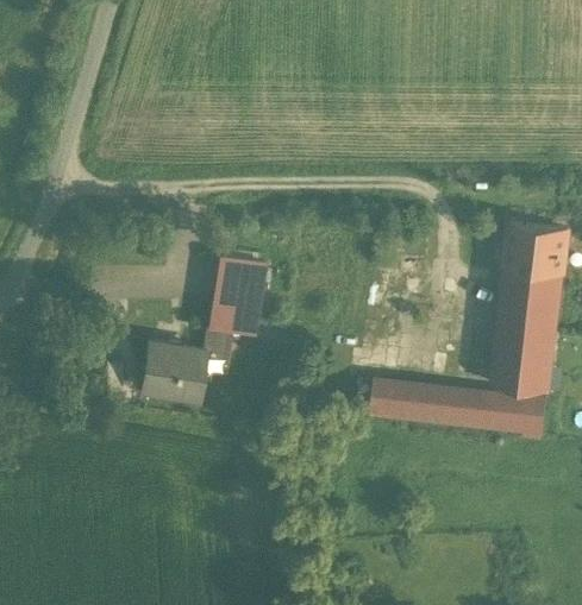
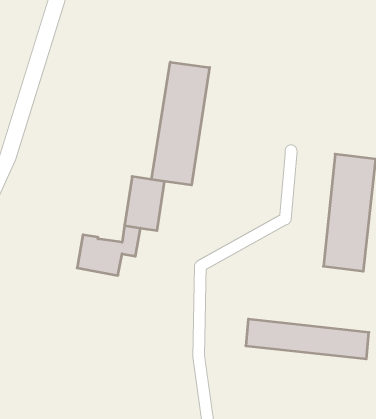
building: none -> [151,62,210,185]
building: [370,378,546,435] -> [246,319,369,359]

